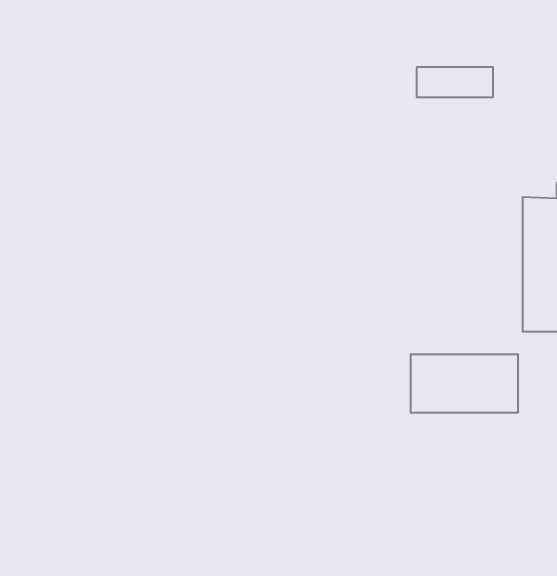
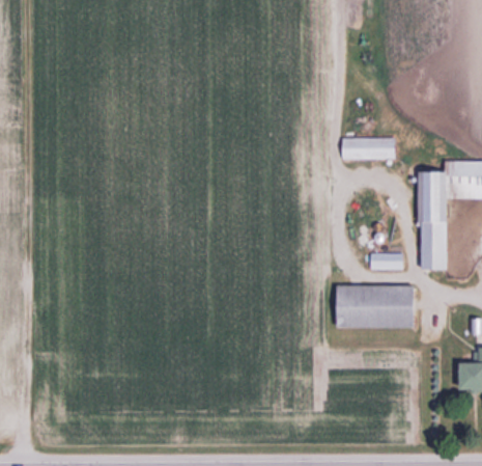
building: [417,67,493,97] -> [340,137,396,159]
building: none -> [368,253,402,270]

